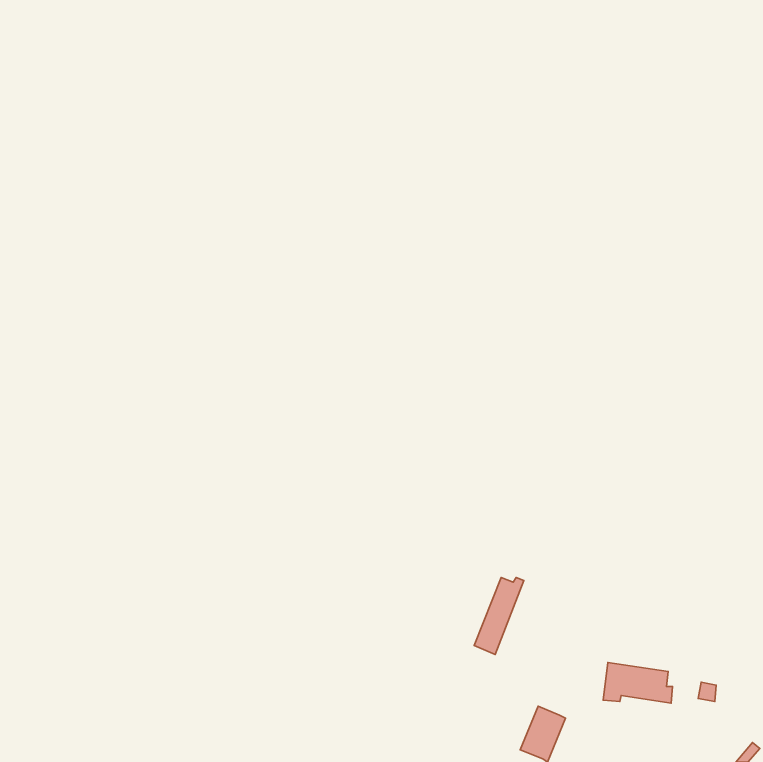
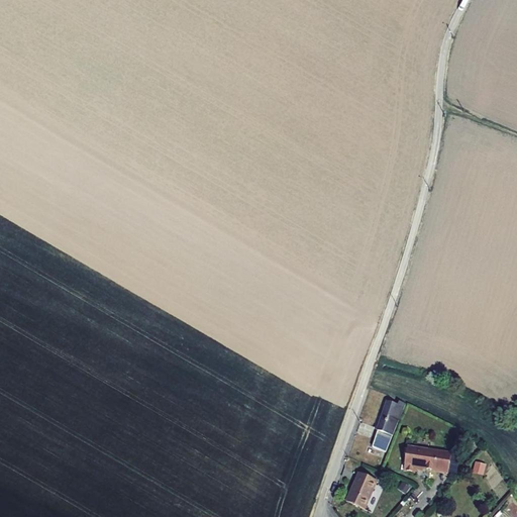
building: [474,577,524,654] -> [370,400,403,451]

